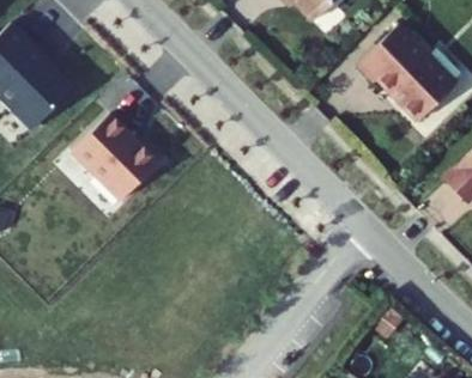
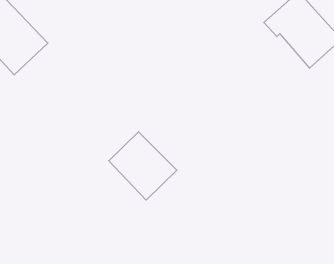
building: [74,118,162,206] -> [109,132,177,200]

